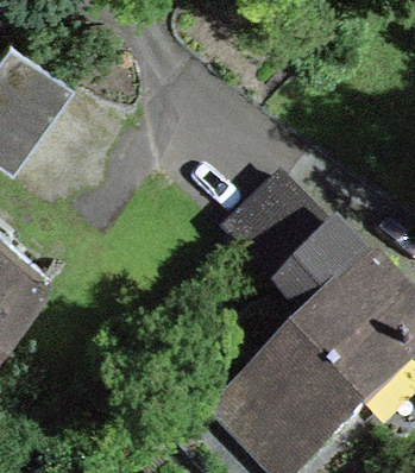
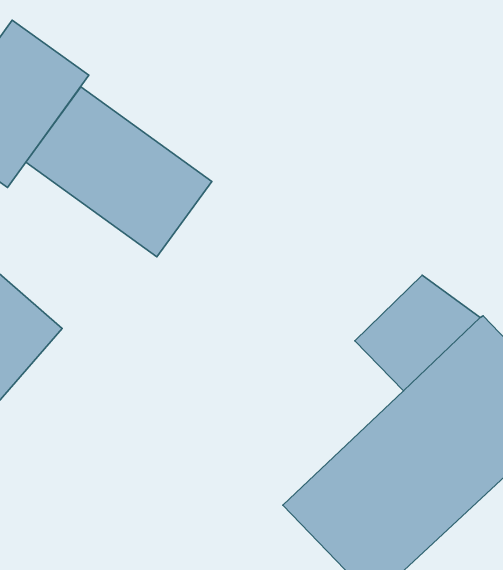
building: none -> [26,87,212,257]

